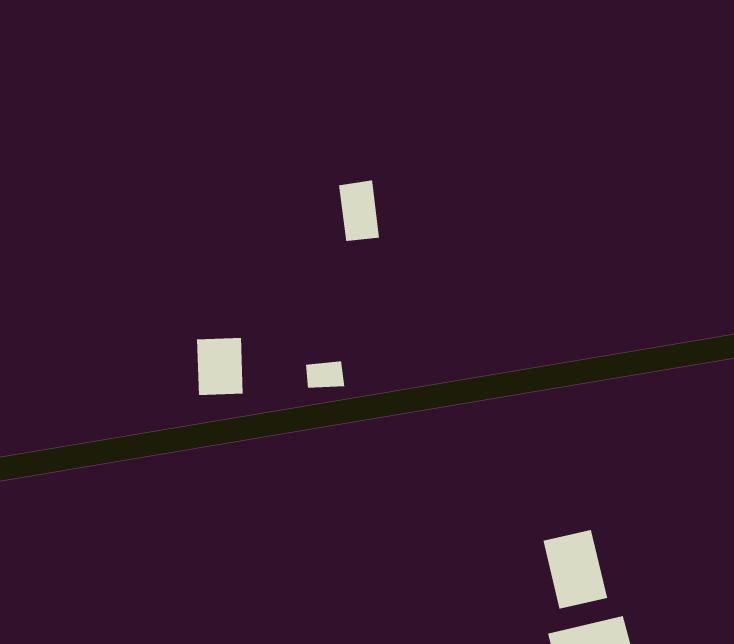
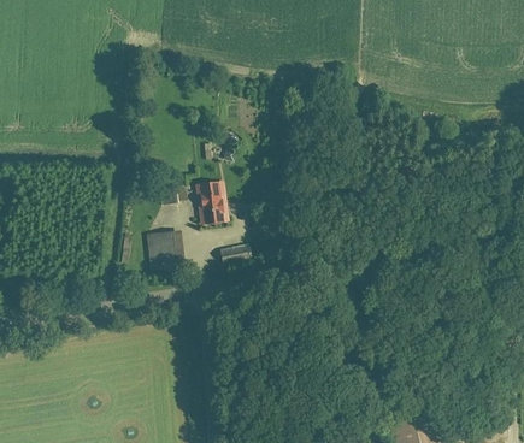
building: [338,180,380,242] -> [200,182,228,223]
building: [543,529,608,610] -> none

